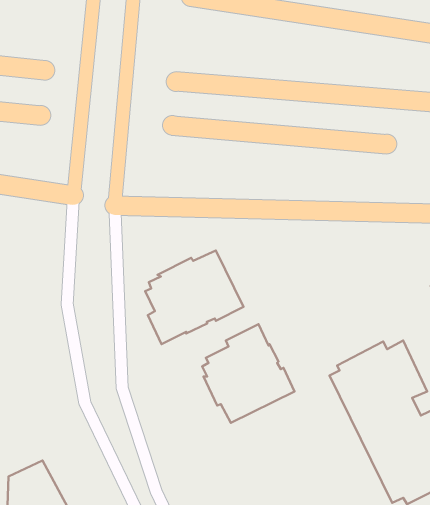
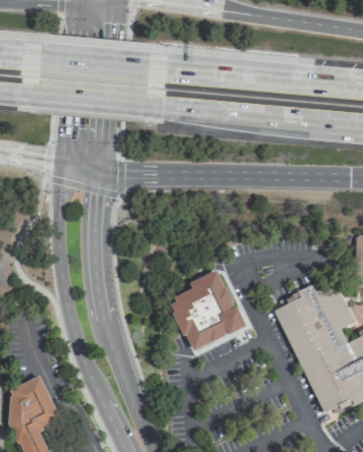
building: [145,250,243,344] -> none

